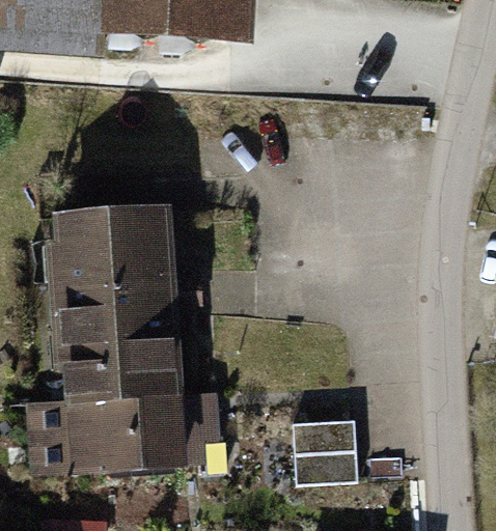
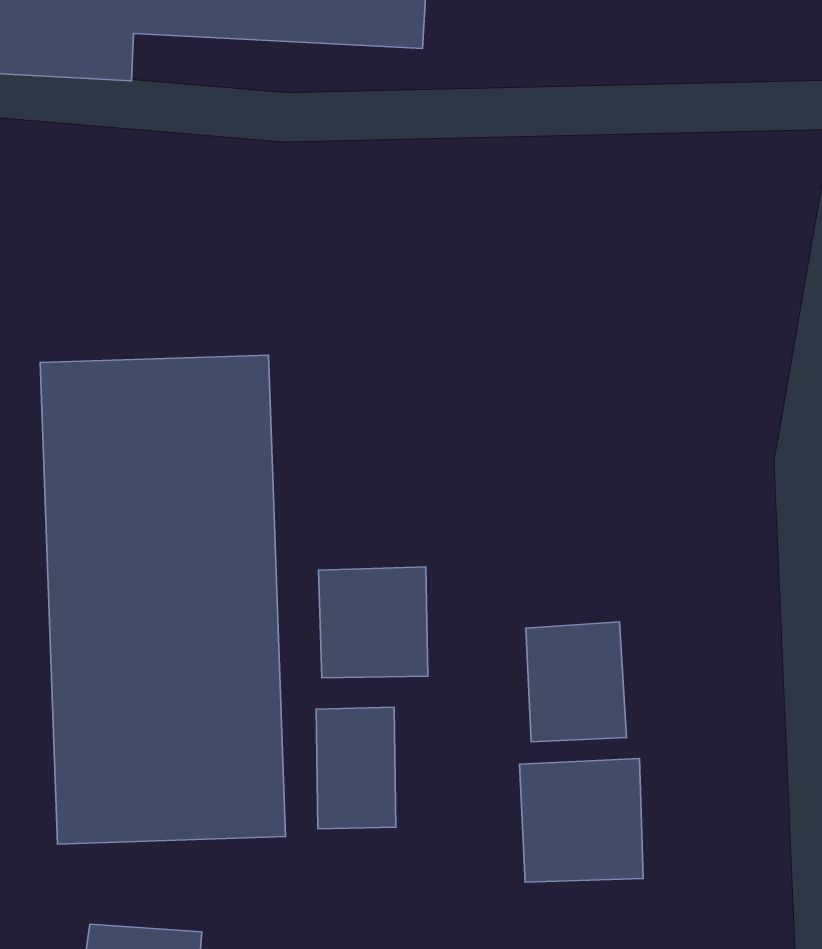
building: none -> [318,567,428,678]
building: none -> [526,622,627,742]

